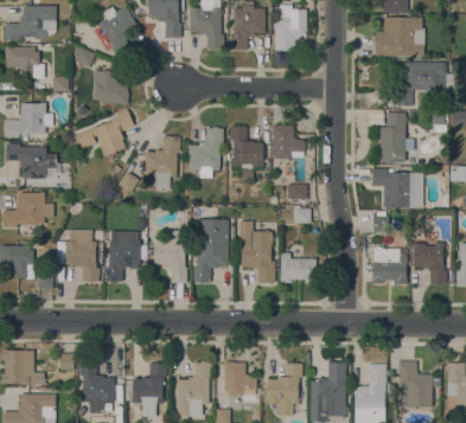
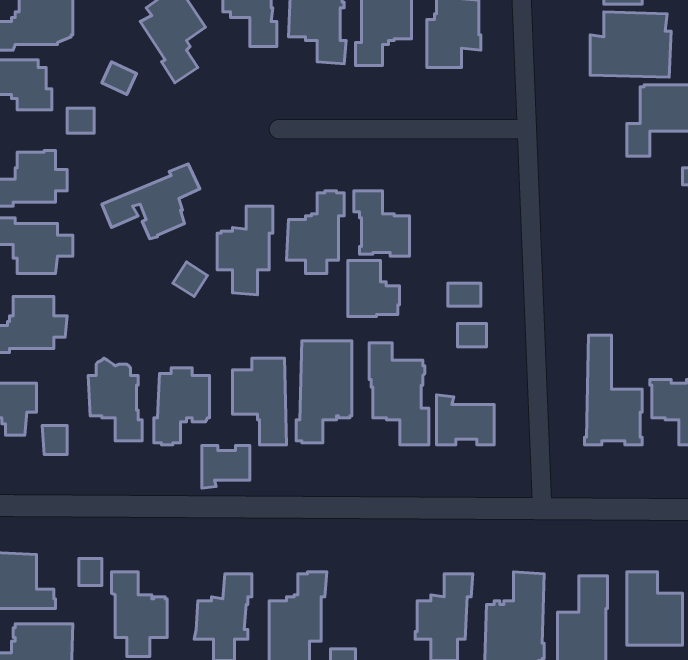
building: [94,70,128,104] -> none
building: [379,113,413,162] -> none
building: [273,124,305,159] -> [348,261,400,316]
building: [371,168,423,209] -> none
building: none -> [202,446,250,488]
building: [224,361,256,396] -> none

